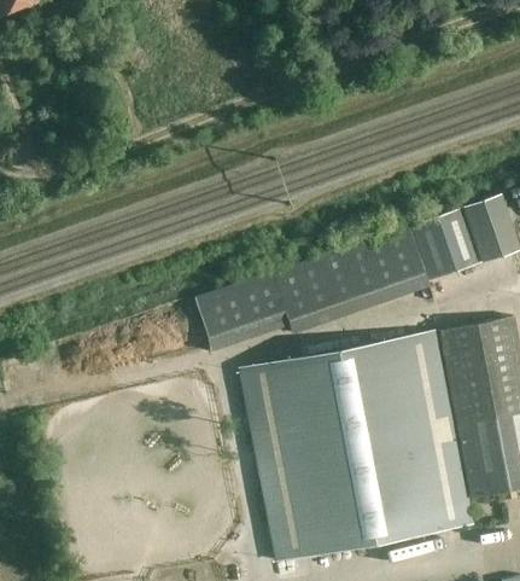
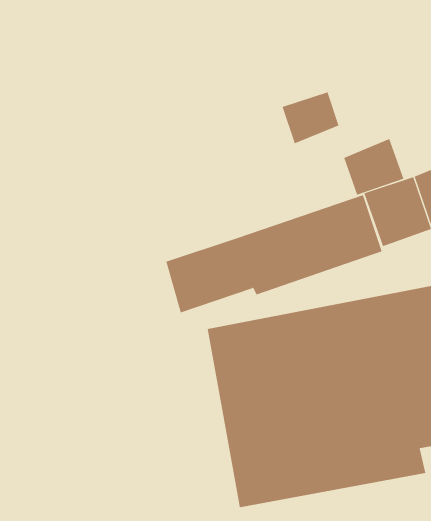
building: none -> [282,91,339,144]
building: none -> [344,138,404,196]

